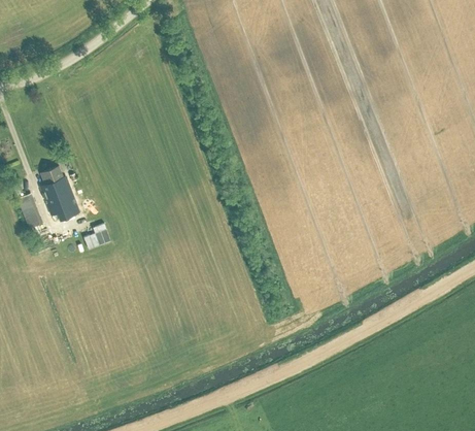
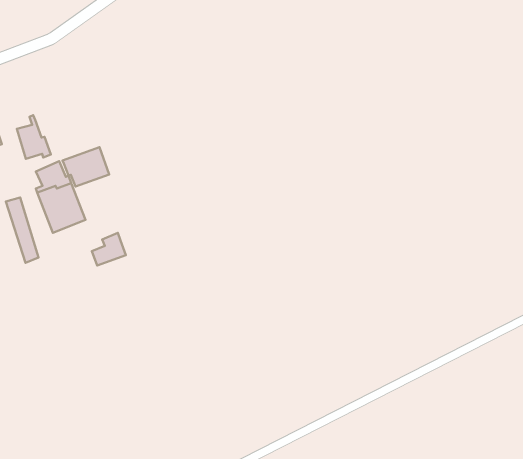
building: none -> [17,115,51,159]
building: none -> [62,147,109,187]

